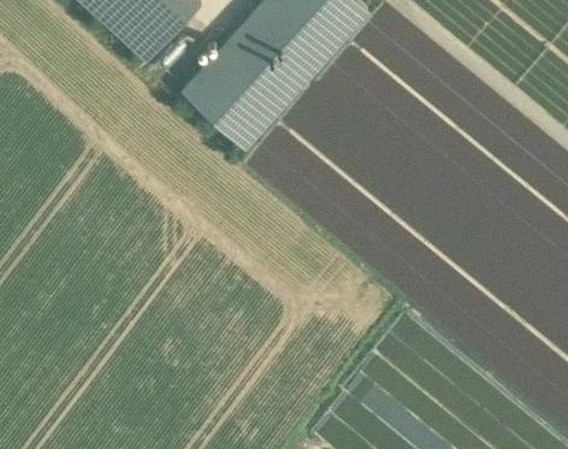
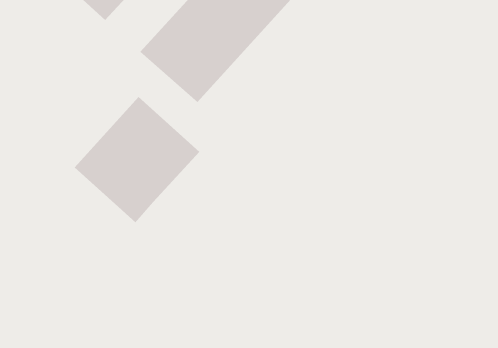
building: none -> [74,96,200,223]

